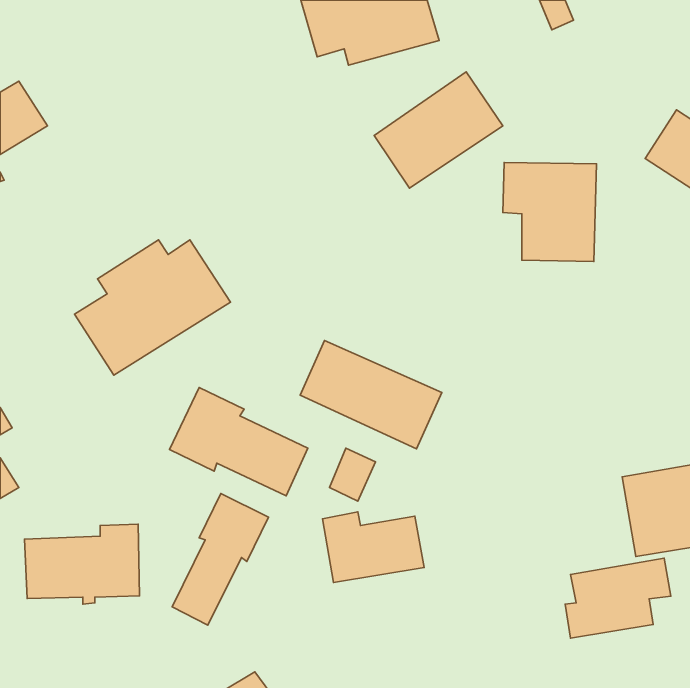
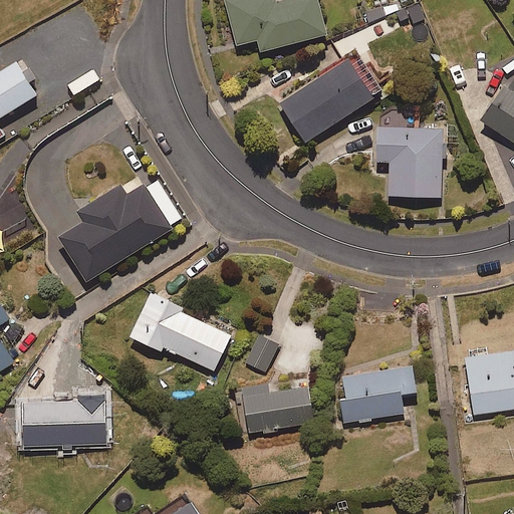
building: [300,341,442,449] -> none
building: [172,494,268,625] -> none
building: [565,558,671,638] -> [338,364,417,424]

